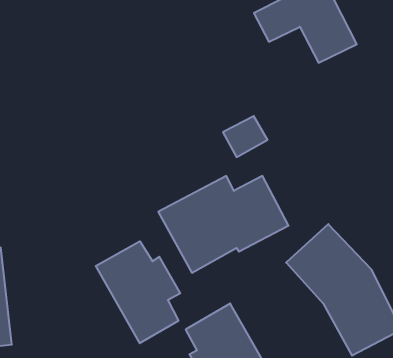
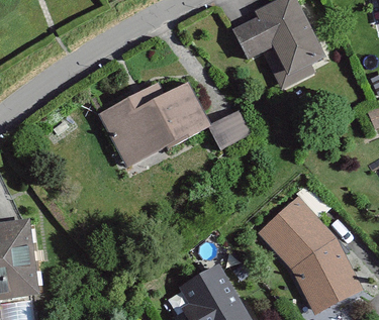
building: [158,176,289,273] -> [102,85,208,164]
building: [96,241,180,343] -> none

